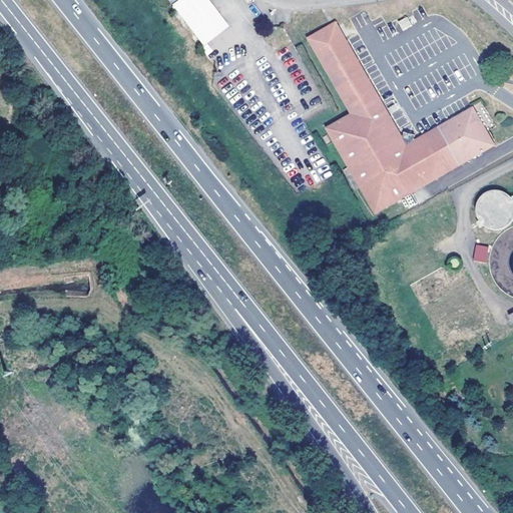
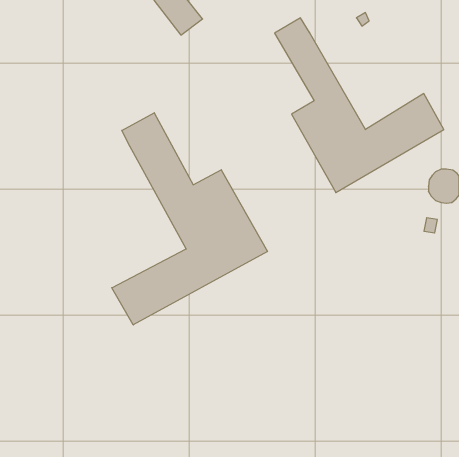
building: none -> [112,113,267,325]

